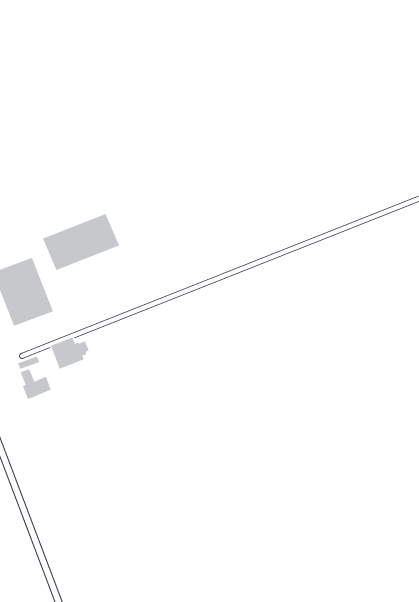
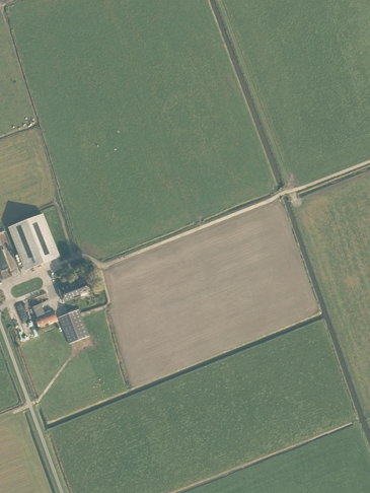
building: [42,213,120,271] -> none
building: none -> [57,307,87,342]

